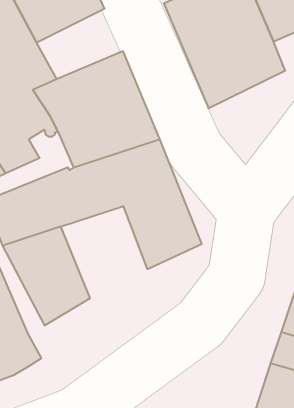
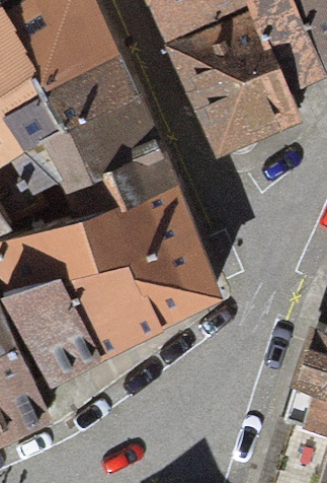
building: none -> [44,53,134,127]
building: none -> [69,260,159,356]

